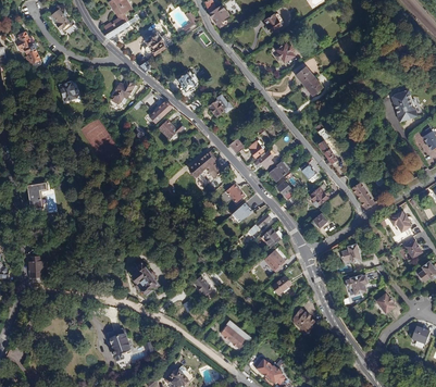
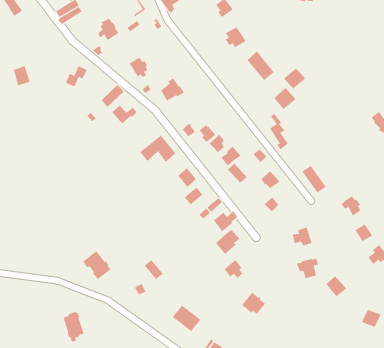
building: [391,90,418,123] -> none

